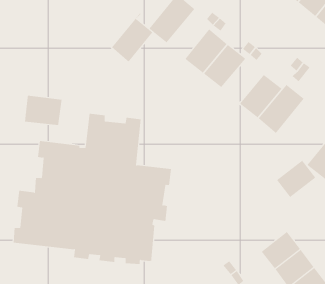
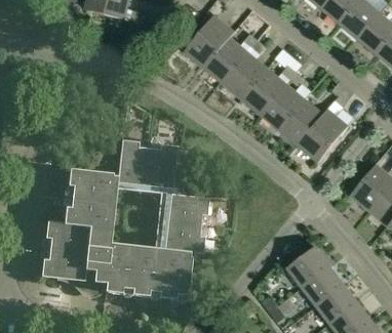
building: [111,13,153,63] -> [202,31,246,83]
building: none -> [260,83,304,130]
building: [24,95,62,126] -> none
building: [276,160,316,198] -> [286,246,328,286]

